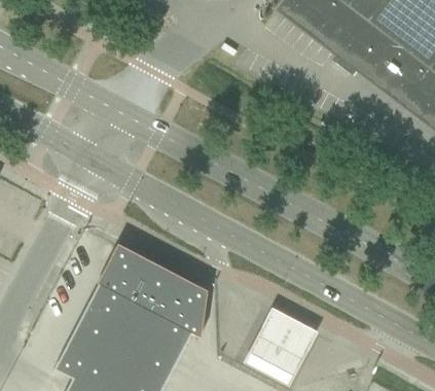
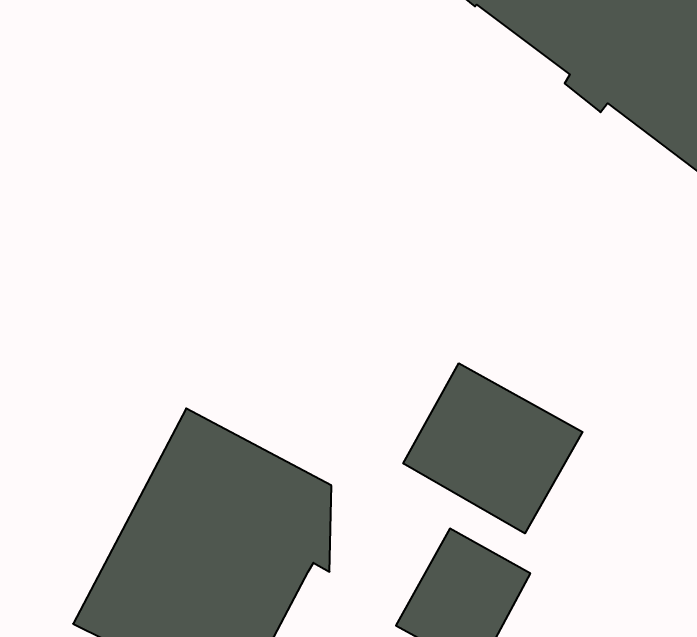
building: none -> [403,363,583,533]

